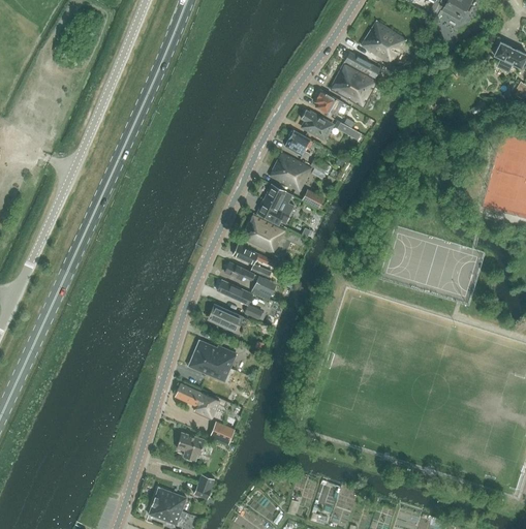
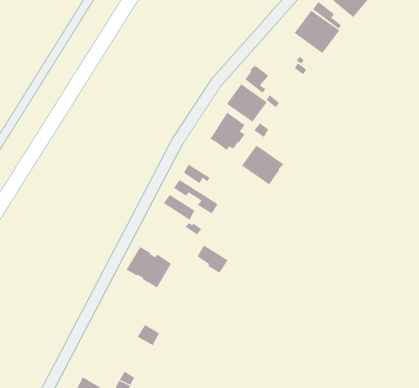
building: [314,91,342,115] -> none
building: [301,110,333,139] -> none
building: [241,214,286,254] -> [241,145,284,185]
building: [209,304,243,332] -> [197,245,229,274]
building: [175,383,219,418] -> none
building: [177,433,205,461] -> none

